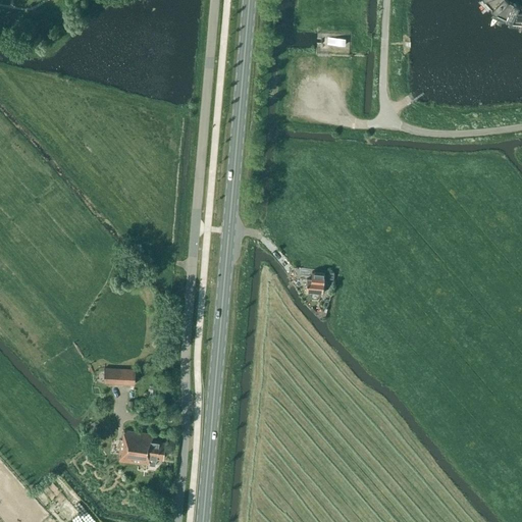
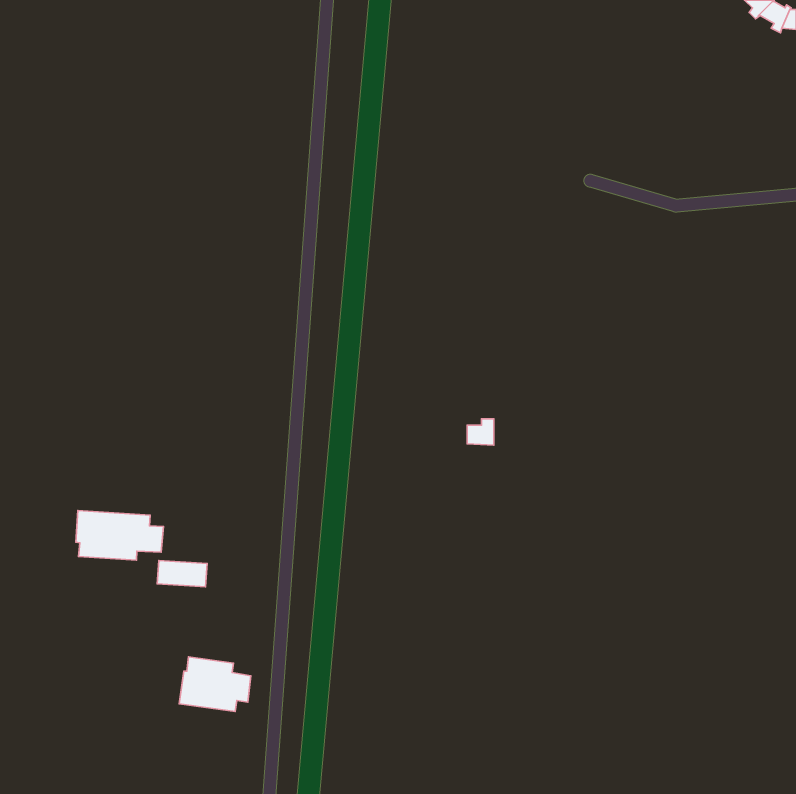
building: none -> [76,510,164,560]

